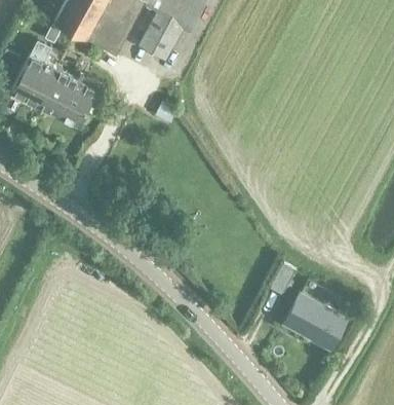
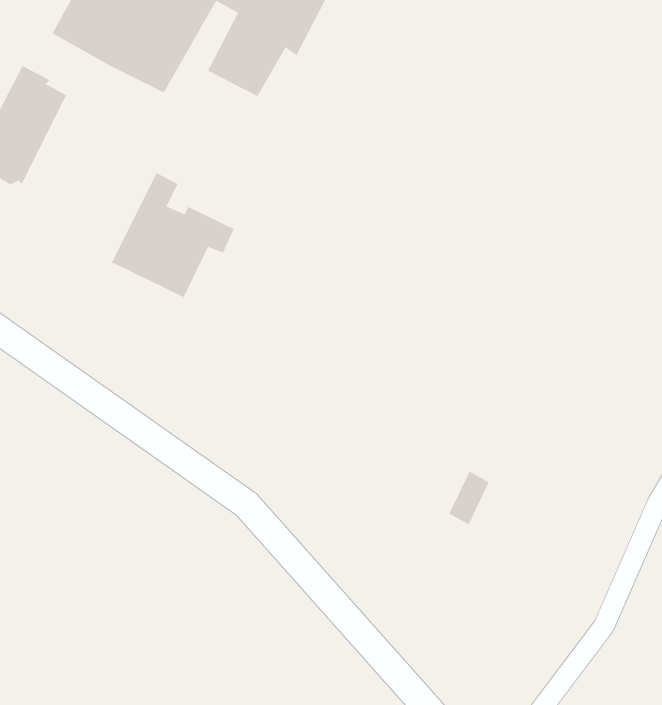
building: [37,58,105,126] -> [111,173,235,298]
building: [285,294,347,351] -> none

